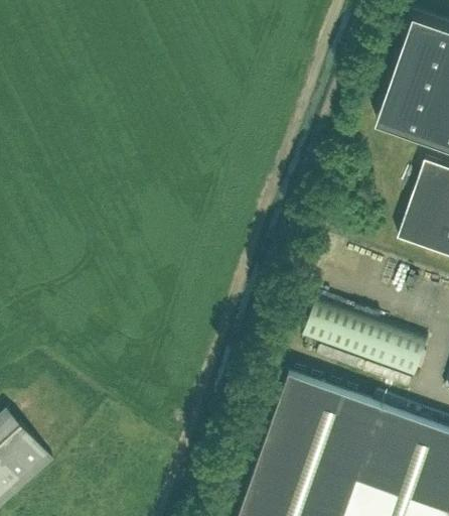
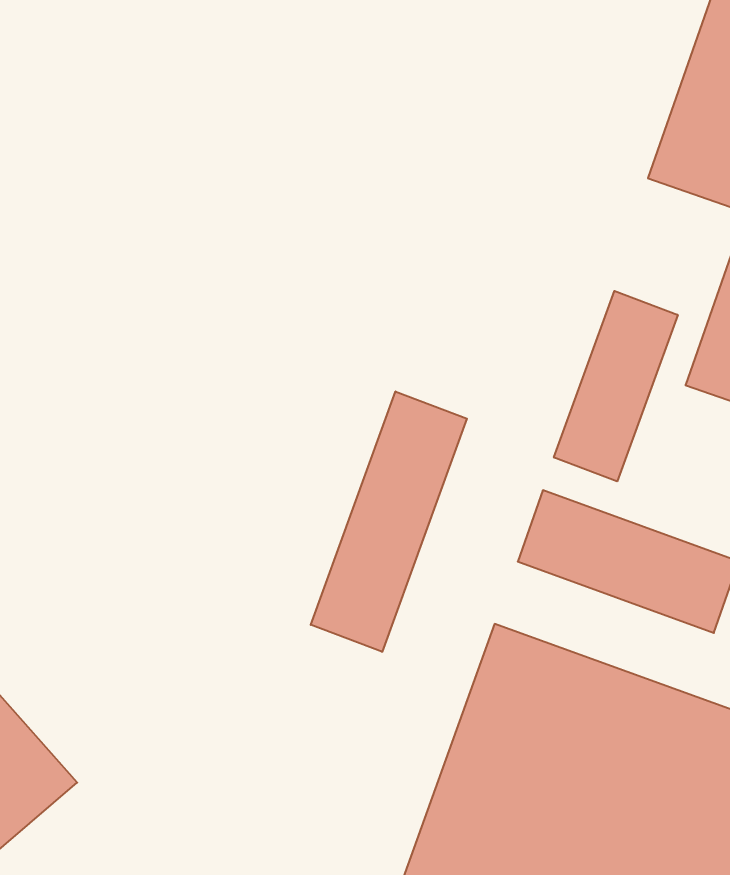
building: none -> [554,291,678,481]
building: none -> [311,391,467,652]

